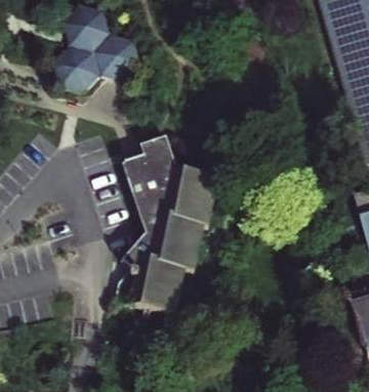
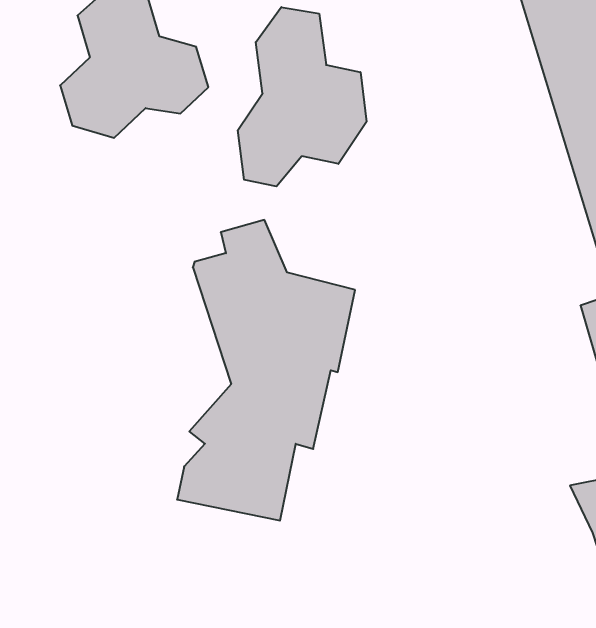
building: none -> [238,7,367,186]

